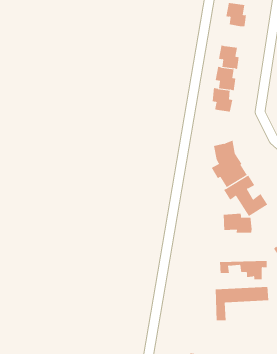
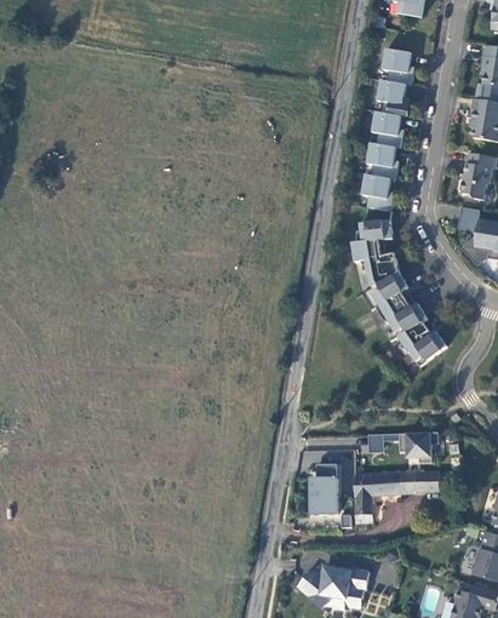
building: none -> [376,80,407,116]
building: none -> [349,207,389,261]
building: [223,213,252,233] -> none
building: none -> [315,462,342,513]

